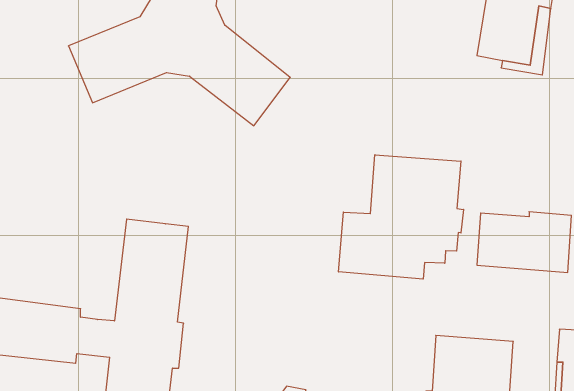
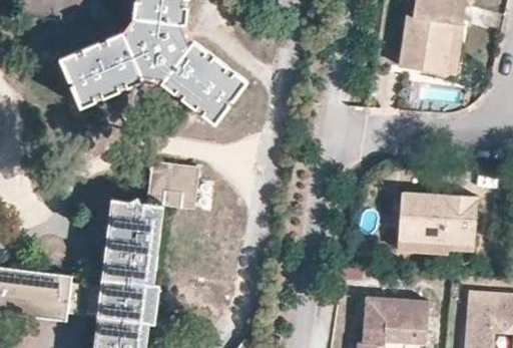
building: [339,155,464,279] -> none
building: none -> [142,161,195,209]

